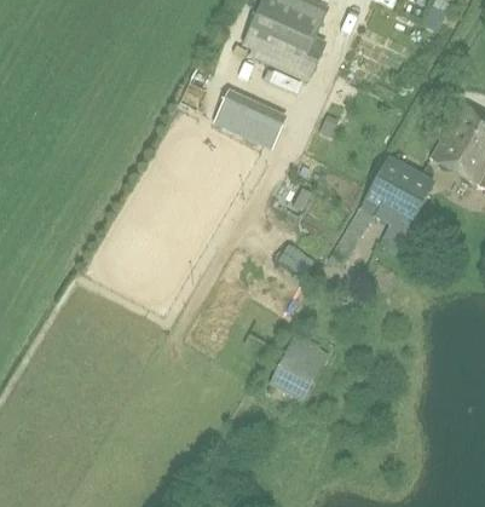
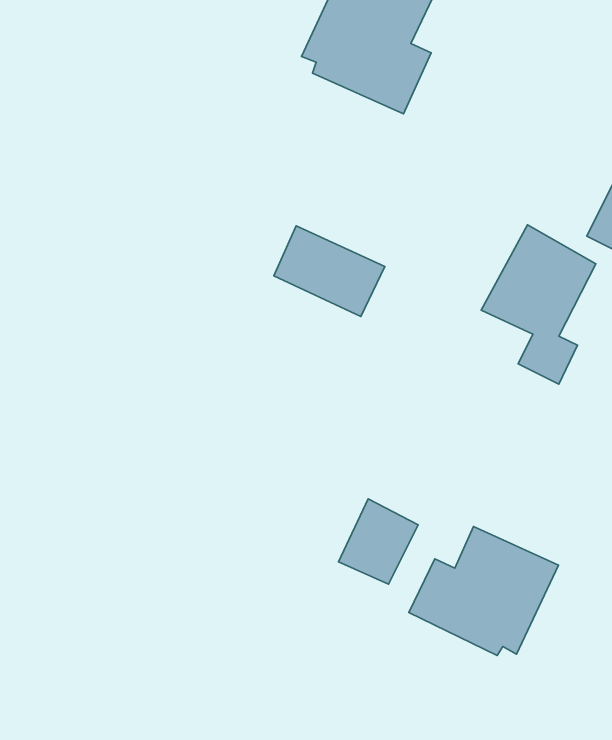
building: [214,88,287,148] -> [274,226,385,316]
building: none -> [409,527,558,655]

